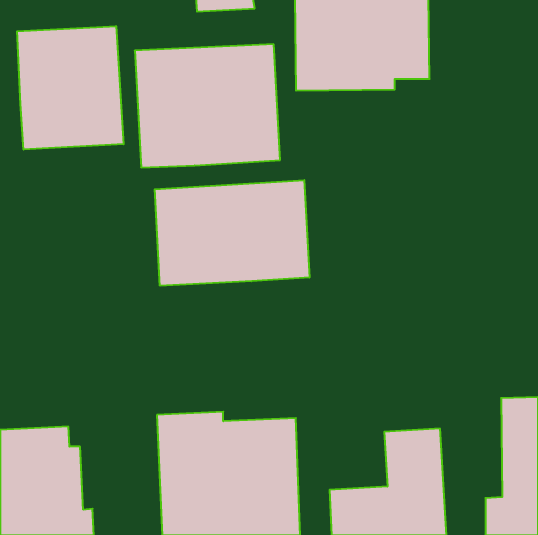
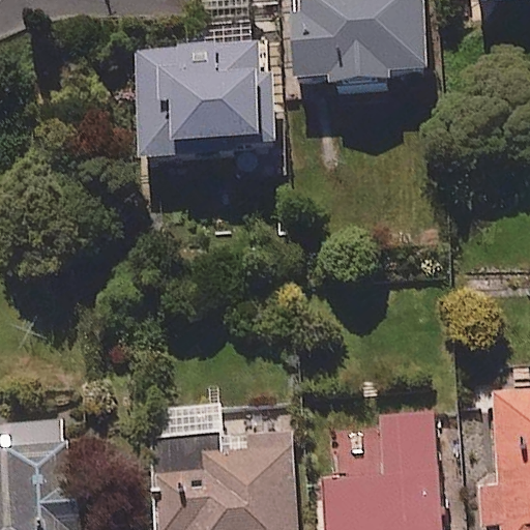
building: [17,26,124,150] -> none
building: [155,180,309,286] -> none

